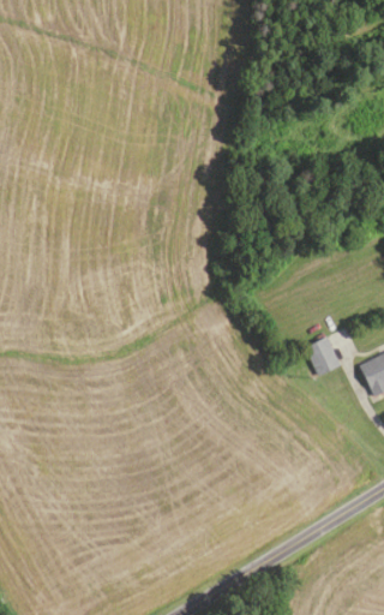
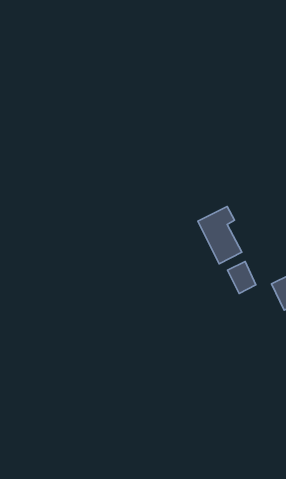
building: none -> [198,206,242,264]

